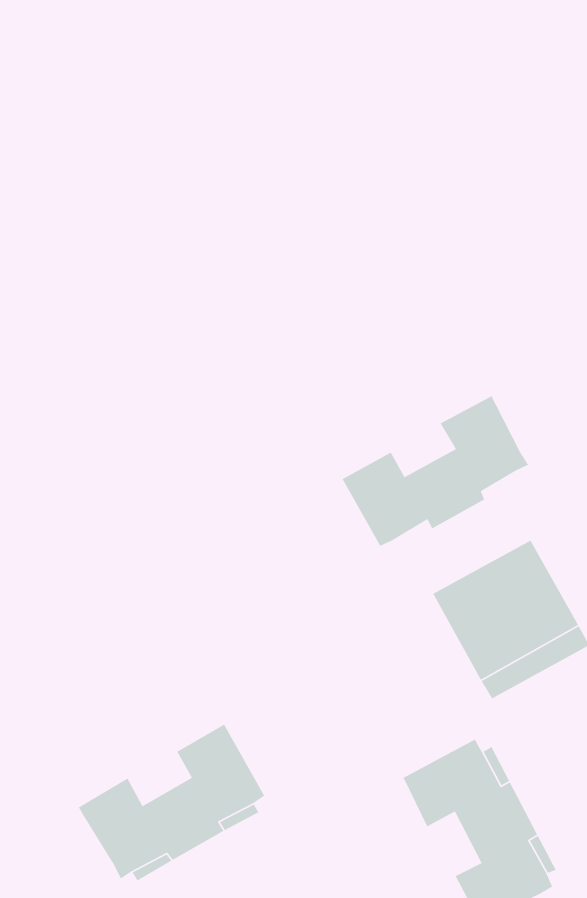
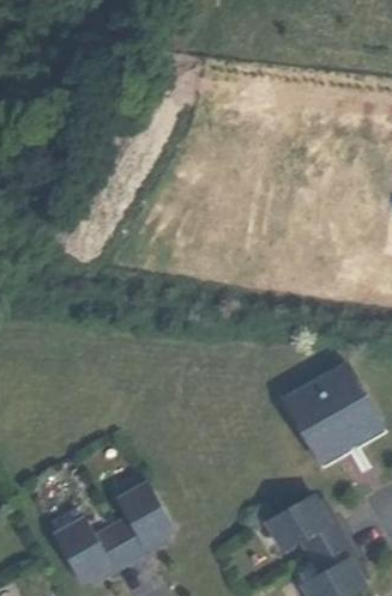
building: [342,395,529,547] -> none

